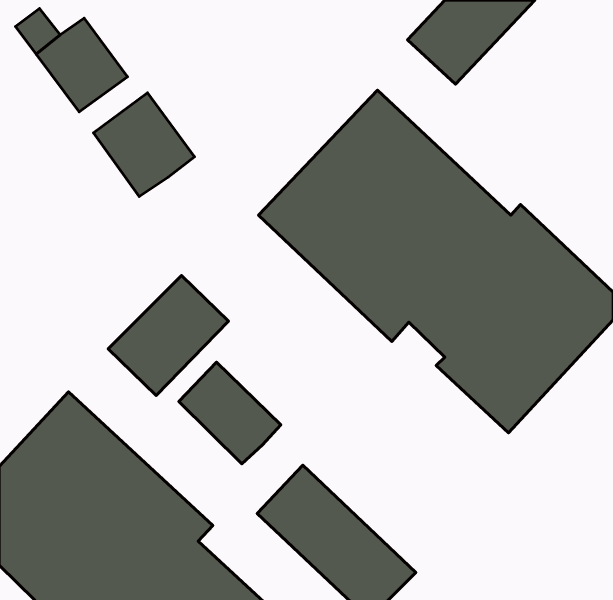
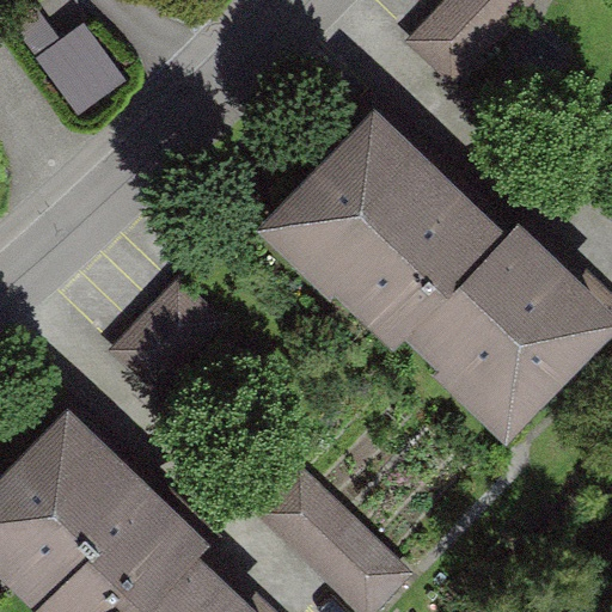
building: [94,93,194,197] -> none
building: [179,362,281,464] -> none

